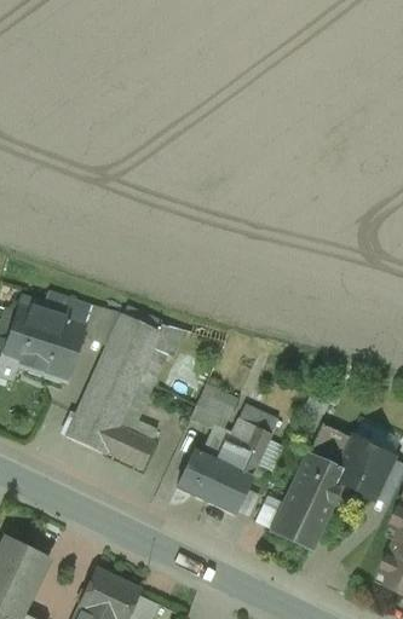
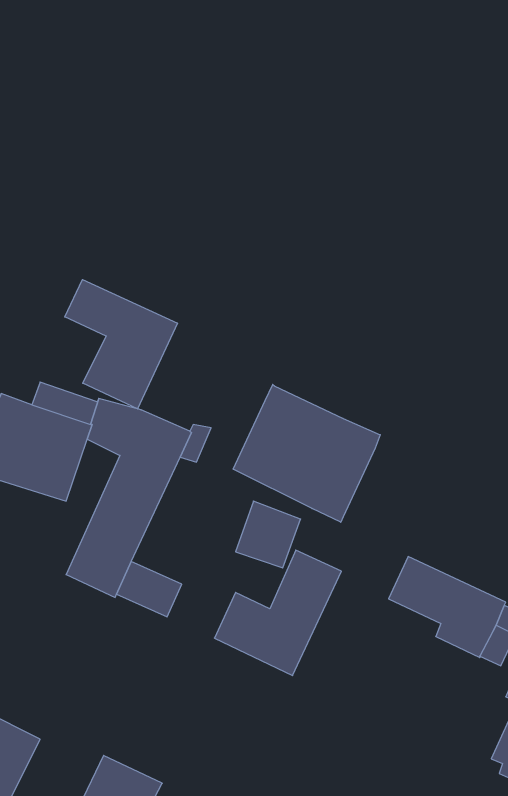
building: none -> [65,280,177,409]
building: none -> [233,384,380,522]
building: [274,455,347,549] -> none

